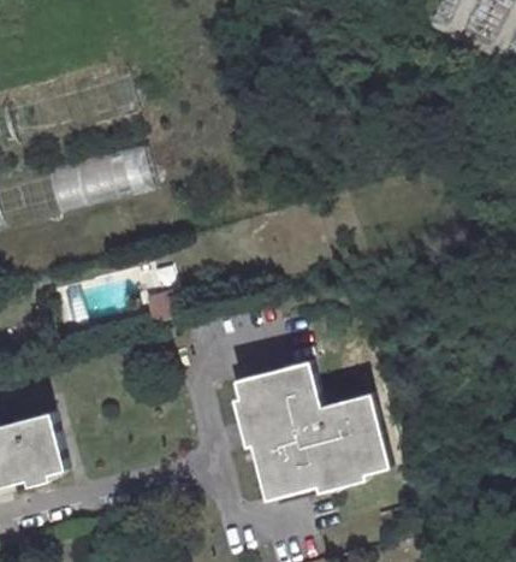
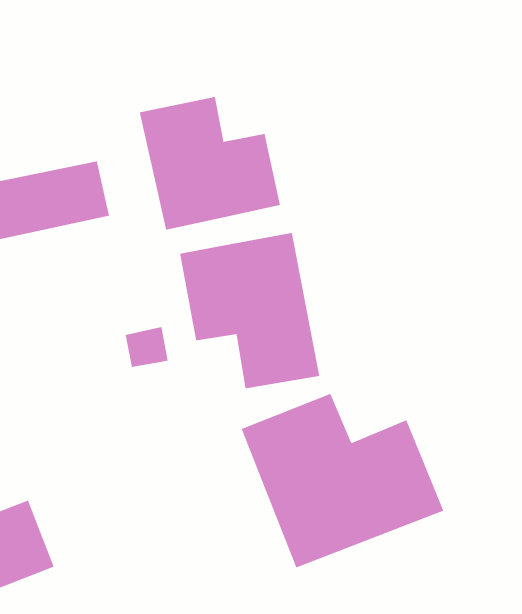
building: none -> [139,96,281,231]
building: none -> [180,232,320,389]

